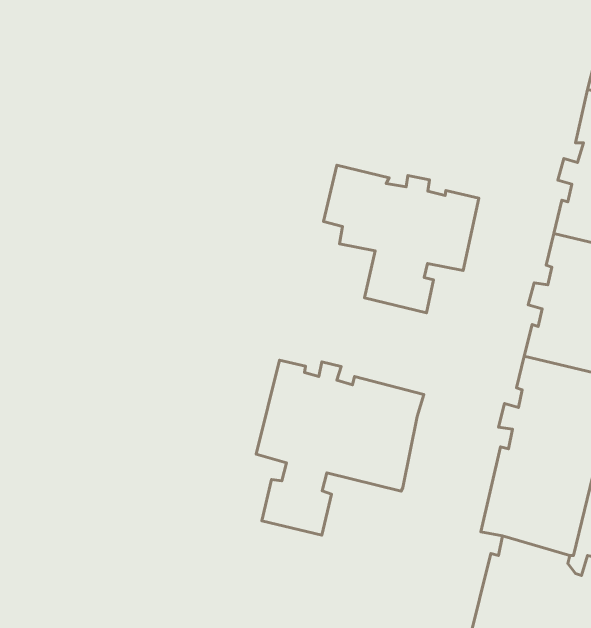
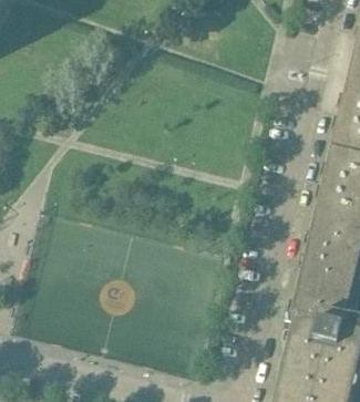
building: [323,165,479,313] -> none
building: [256,360,424,535] -> none

